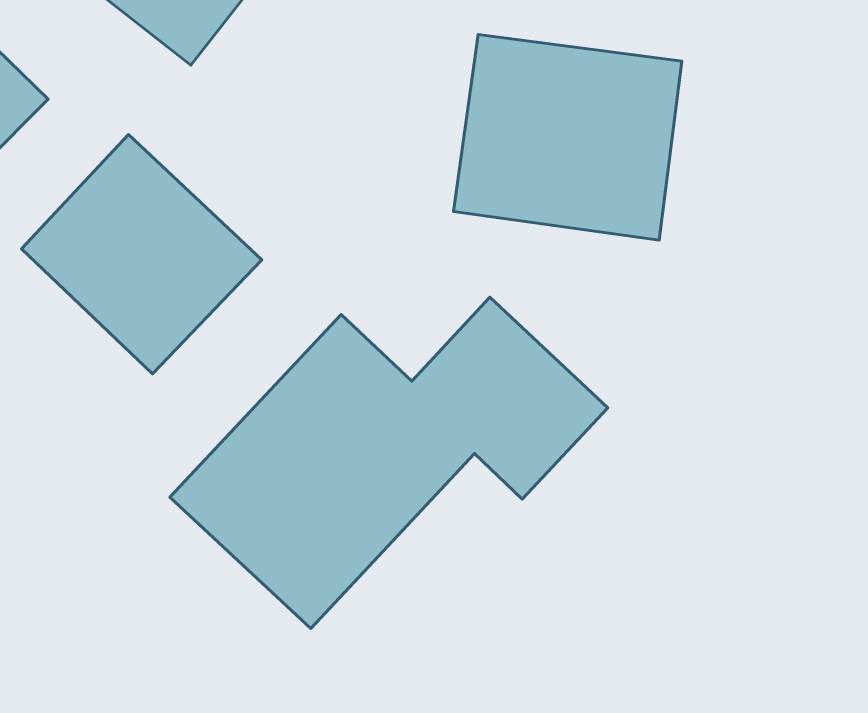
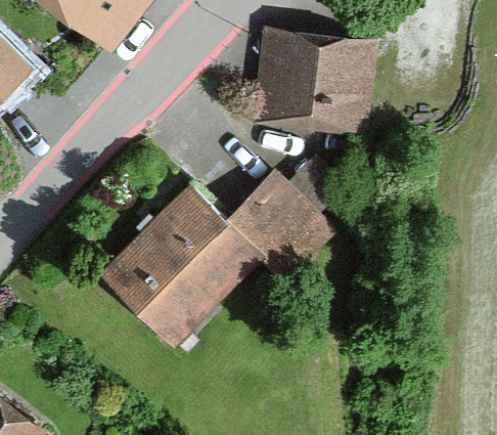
building: [21,134,262,374] -> none

